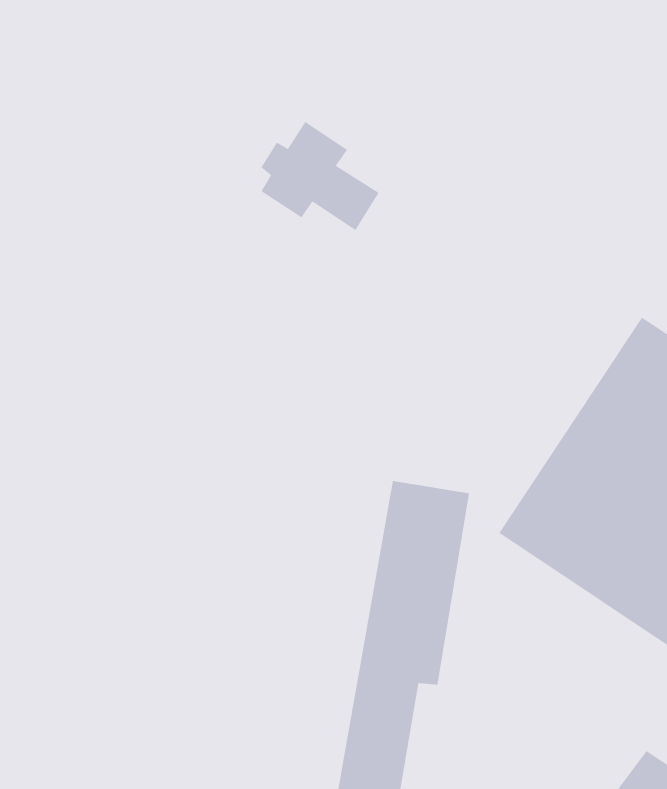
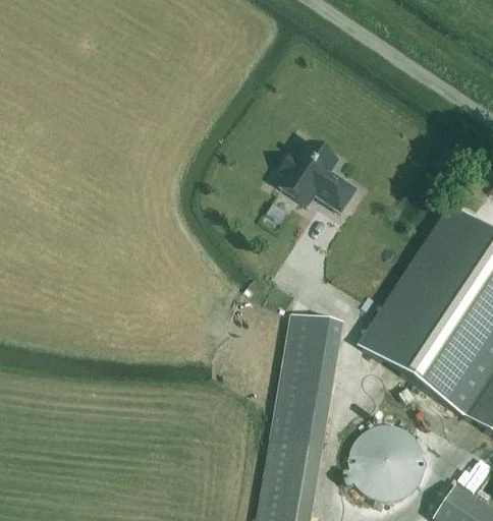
building: [260,121,380,231] -> [280,138,357,209]
building: none -> [348,429,420,502]

